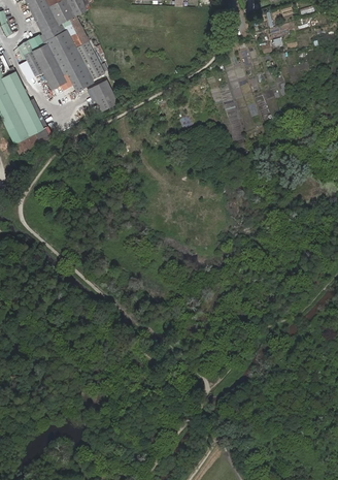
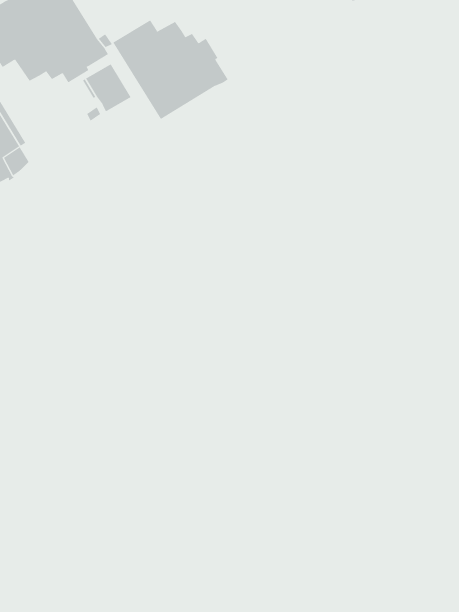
building: none -> [112,19,228,120]

